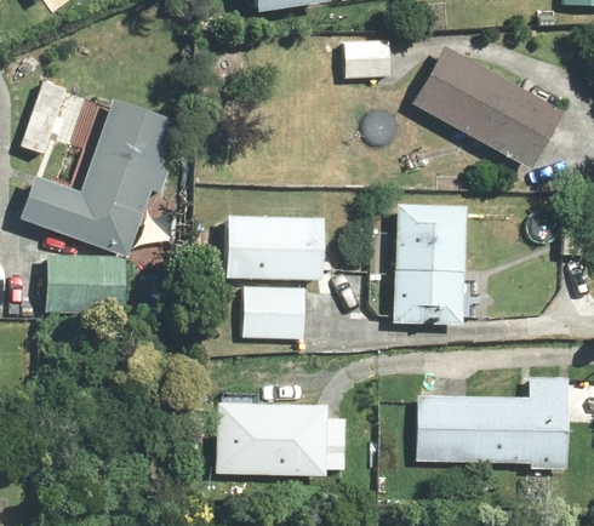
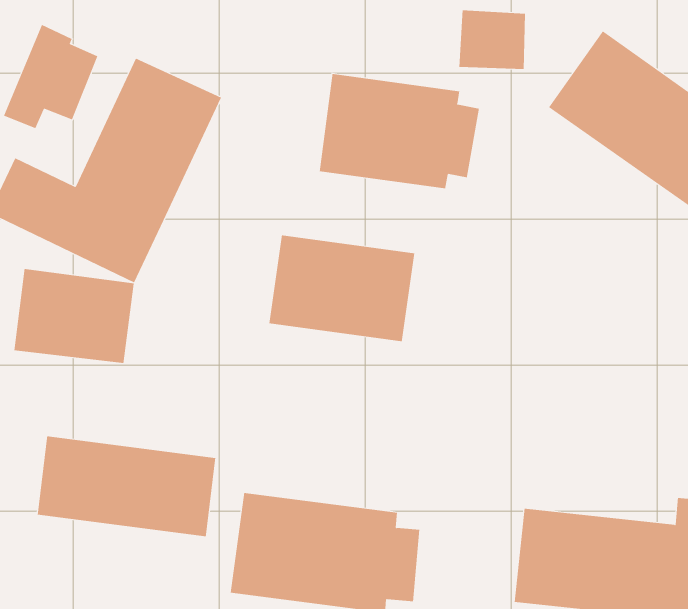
building: none -> [319,73,479,189]
building: [394,202,482,325] -> none
building: [241,284,307,342] -> none
building: none -> [37,435,216,537]

